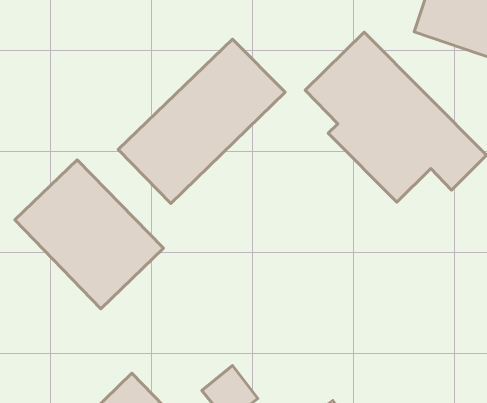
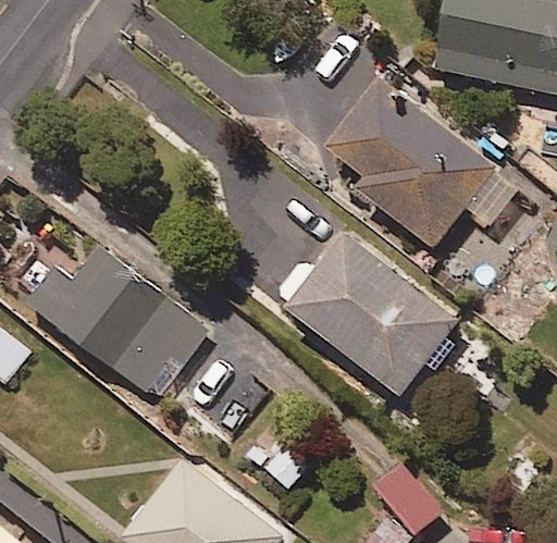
building: [118,39,285,204] -> none
building: none -> [287,232,459,395]

